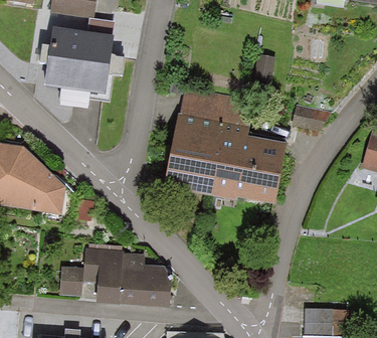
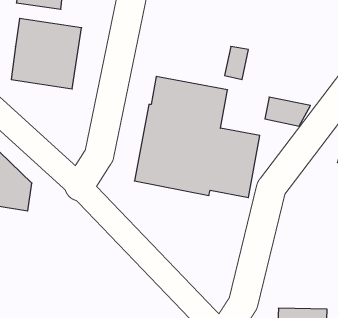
building: [60,242,171,307] -> none

